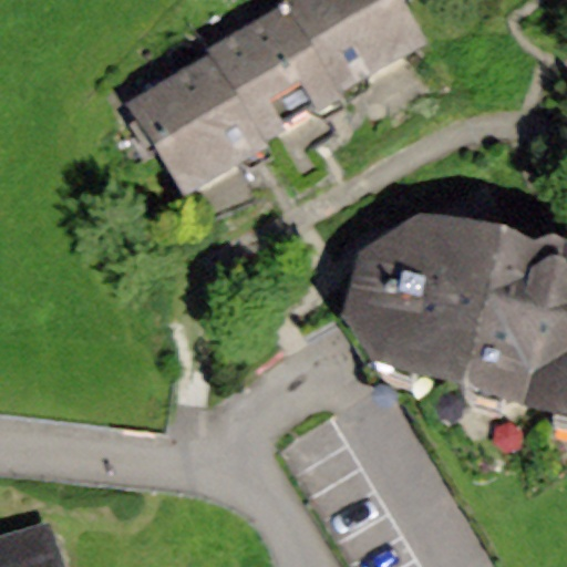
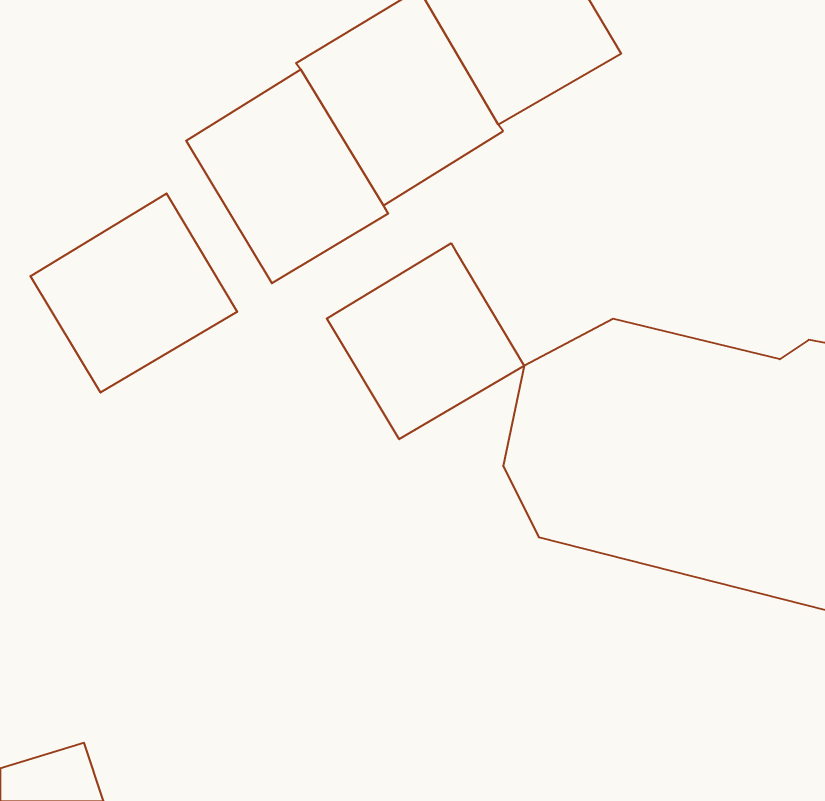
building: none -> [30,193,237,393]
building: none -> [327,243,524,439]

